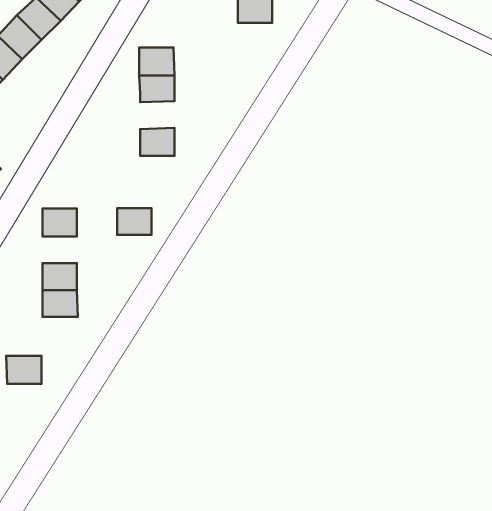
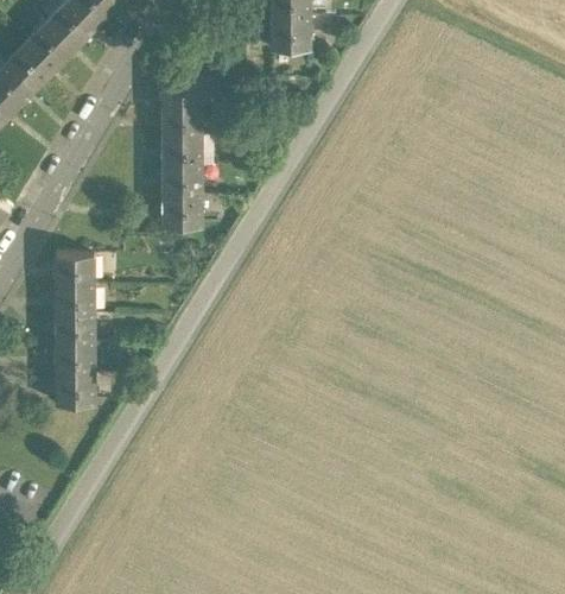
building: none -> [163,135,201,166]
building: [117,208,152,235] -> [163,196,201,226]
building: none -> [55,285,93,315]
building: [6,356,42,384] -> [55,374,94,405]

